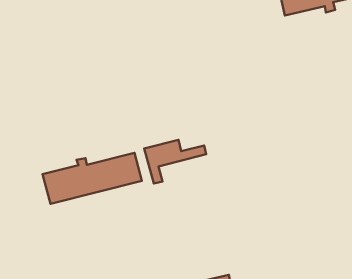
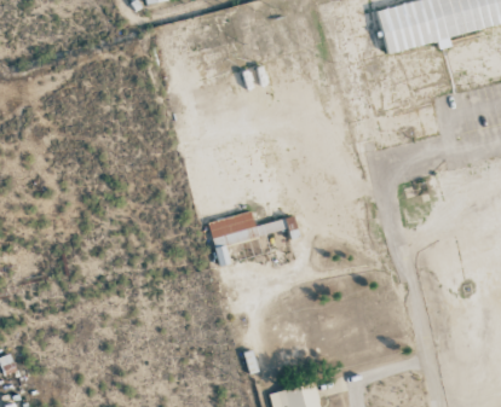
building: [43,153,142,204] -> none

